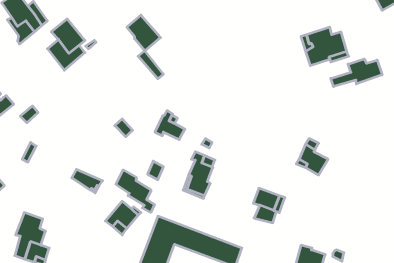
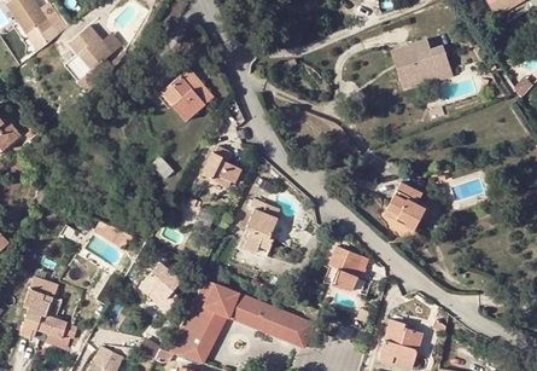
building: [127,15,161,51] -> [163,75,206,121]
building: [331,59,382,87] -> none
building: [116,170,154,212] -> none

